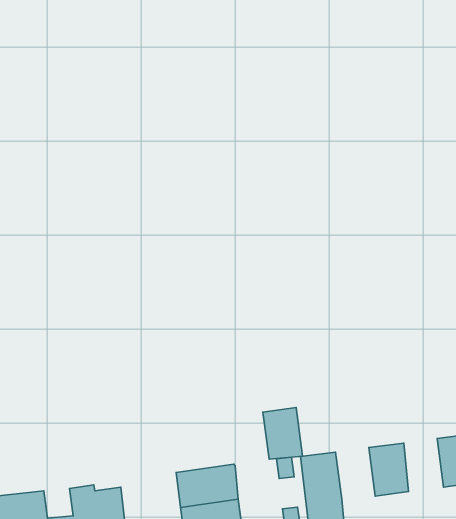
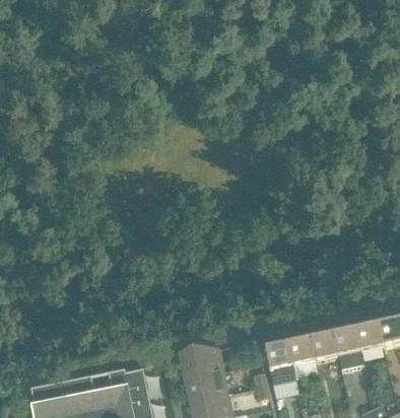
building: [263,408,302,459] -> [285,329,315,365]
building: none -> [331,319,362,370]

